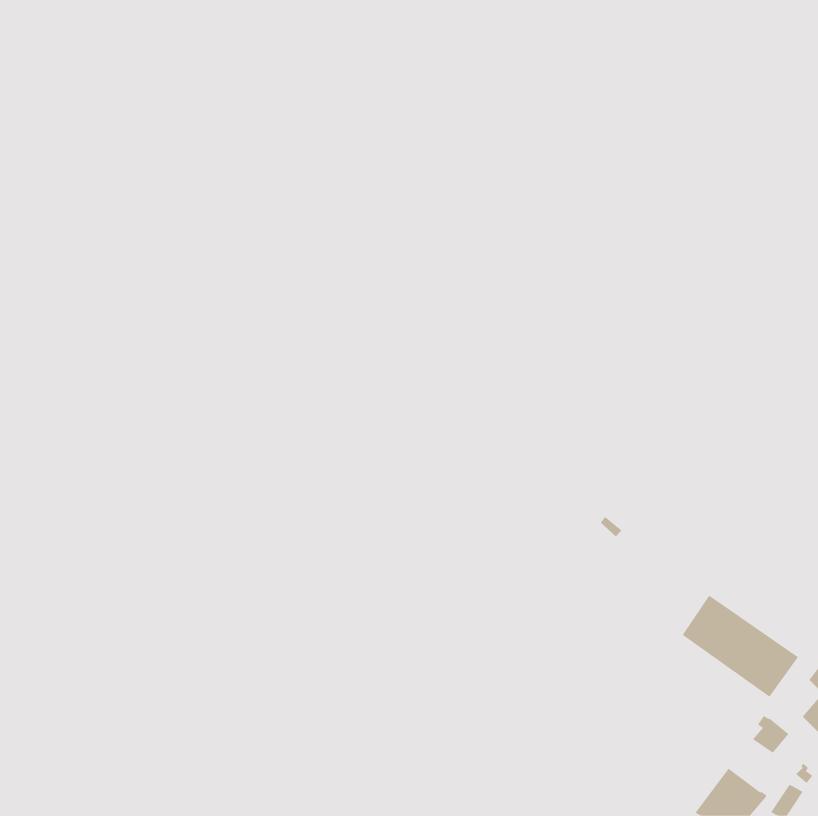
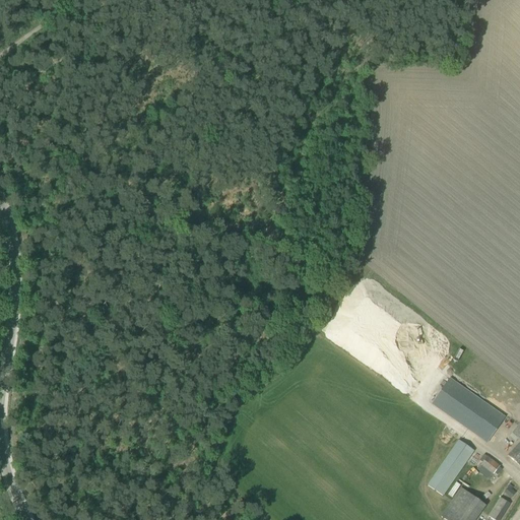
building: none -> [428,439,475,496]

